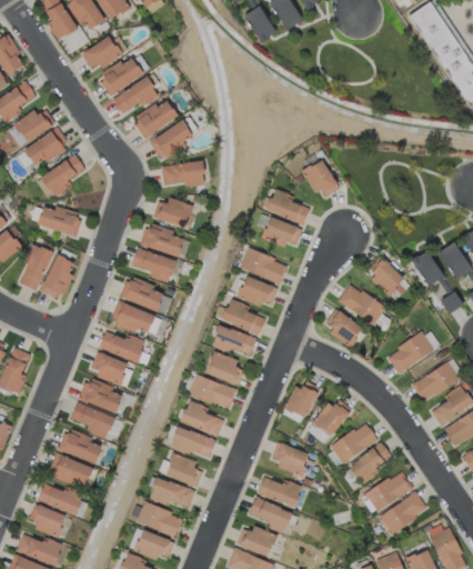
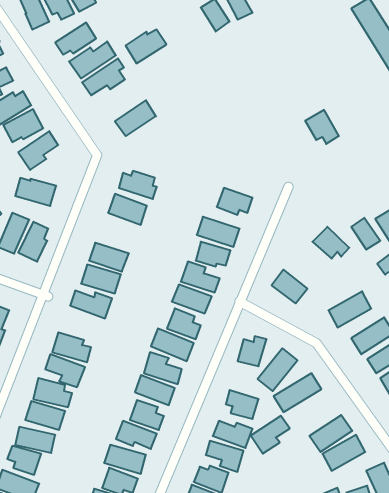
building: [133,100,179,138] -> [126,30,166,63]
building: [302,159,340,197] -> [305,110,339,144]
building: [161,160,205,187] -> none
building: [266,189,310,223] -> none
building: [132,249,175,282] -> none
building: [338,282,385,326] -> none
building: [91,351,129,385] -> none
building: [349,442,392,485] -> [251,416,290,454]

